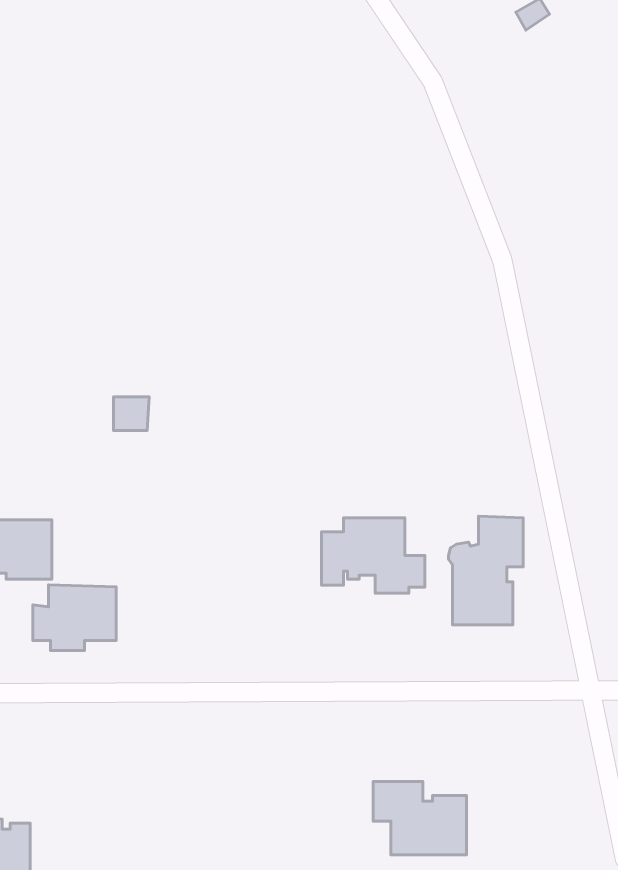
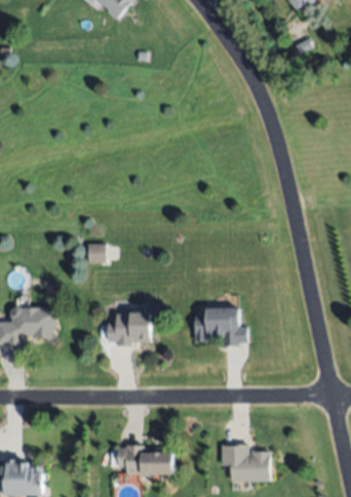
building: [448,516,523,625] -> none
building: [33,585,116,650] -> [108,313,151,346]
building: none -> [118,445,173,474]

